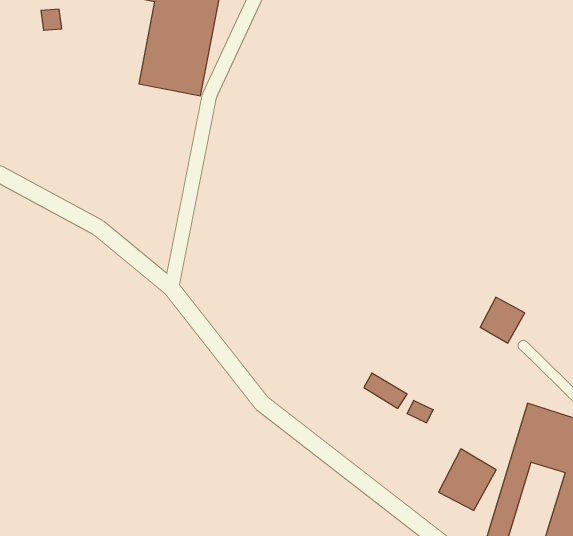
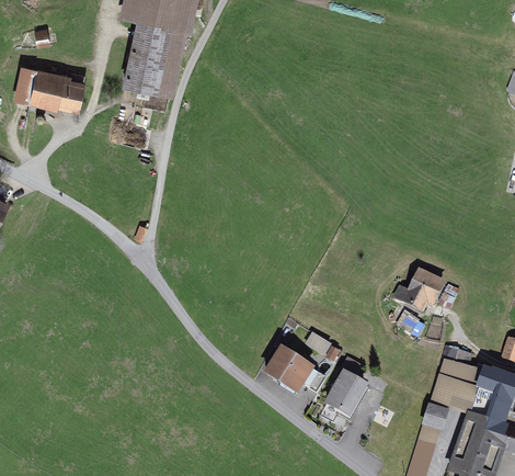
building: none -> [13,68,77,113]
building: none -> [258,347,310,397]
building: [439,449,496,510] -> [320,370,368,421]

